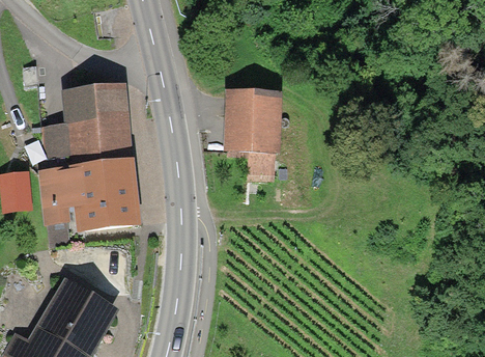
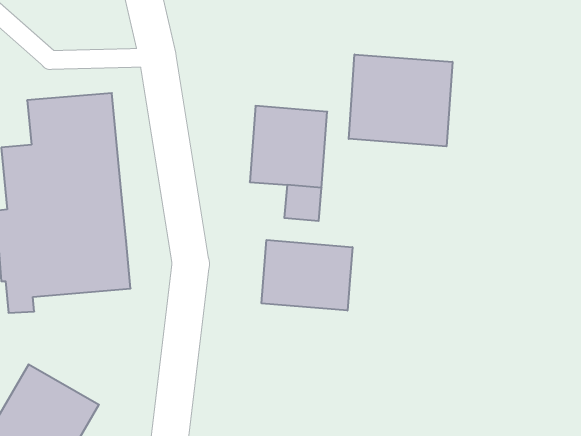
building: none -> [349,54,452,146]
building: none -> [262,240,352,311]

